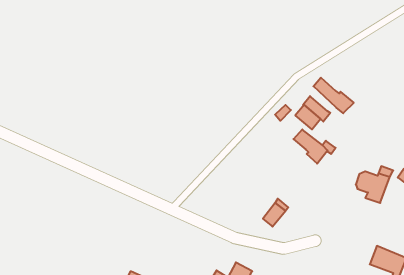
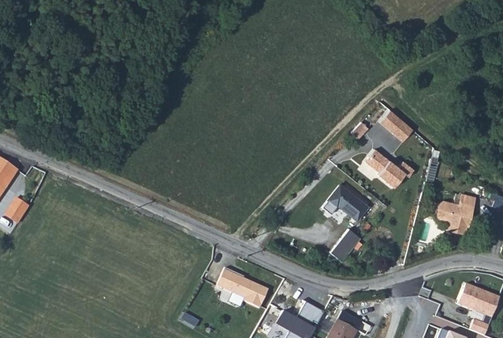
building: [313,78,354,113] -> none
building: none -> [331,184,372,220]
building: none -> [216,268,266,308]

